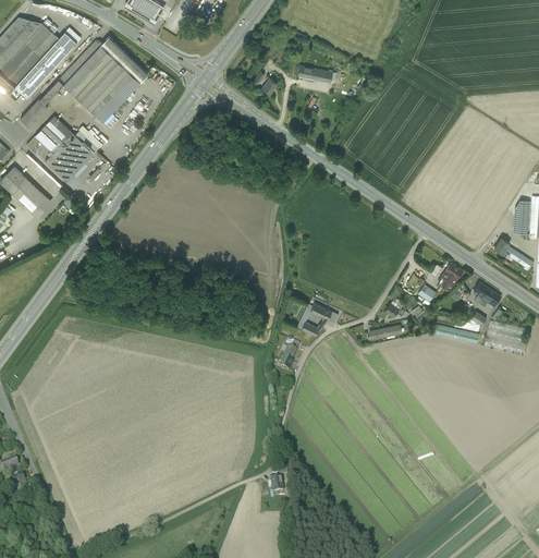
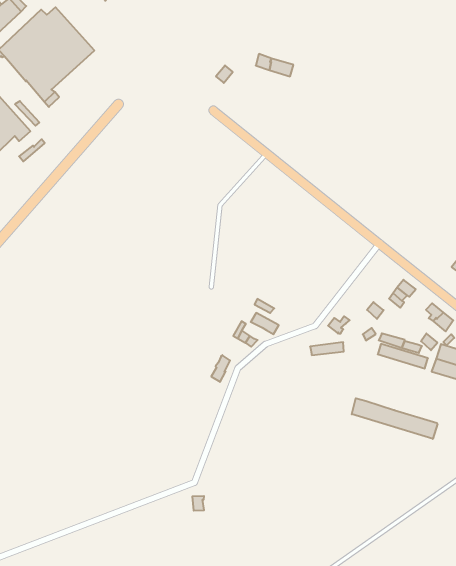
building: none -> [352,398,437,439]

